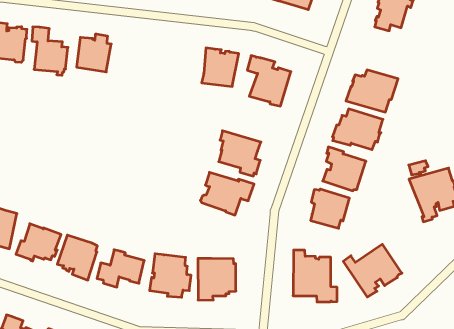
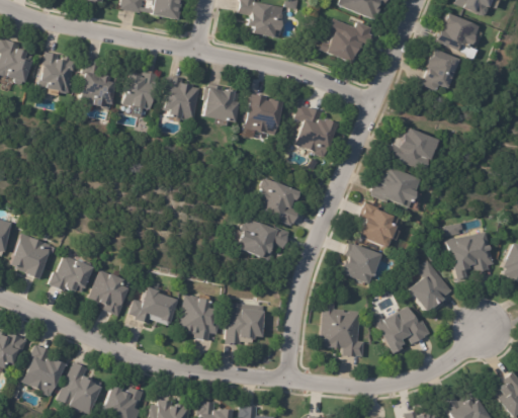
building: none -> [162,76,197,121]
building: none -> [204,85,242,121]
building: none -> [408,259,450,312]

